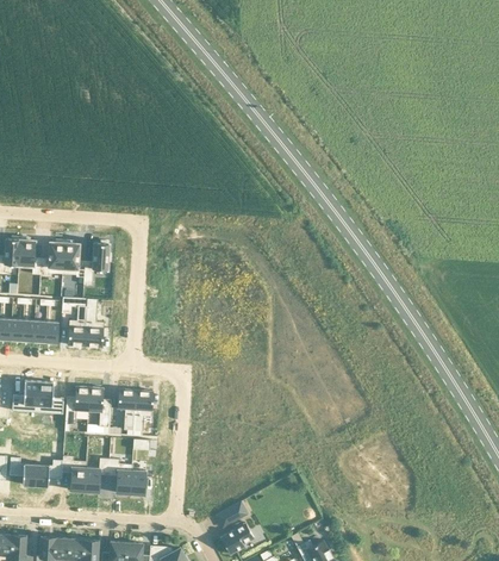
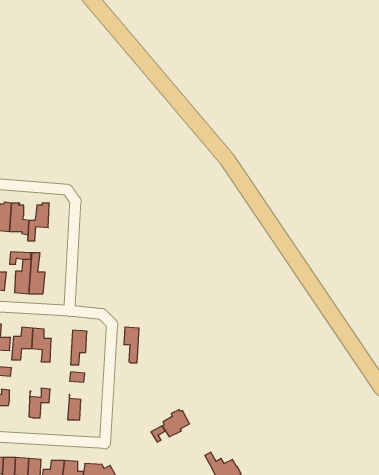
building: [118,388,136,430] -> [124,327,139,363]
building: [62,455,86,491] -> none
building: [108,459,132,494] -> none
building: [222,522,254,554] -> [162,410,190,437]

